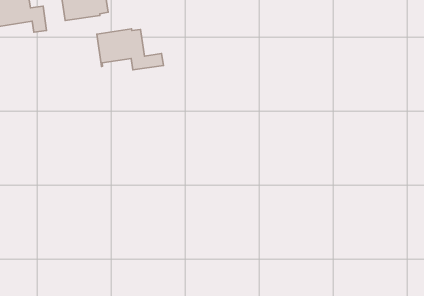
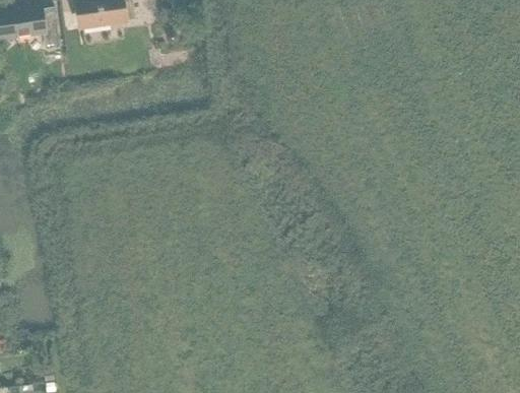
building: [97,29,164,70] -> none

